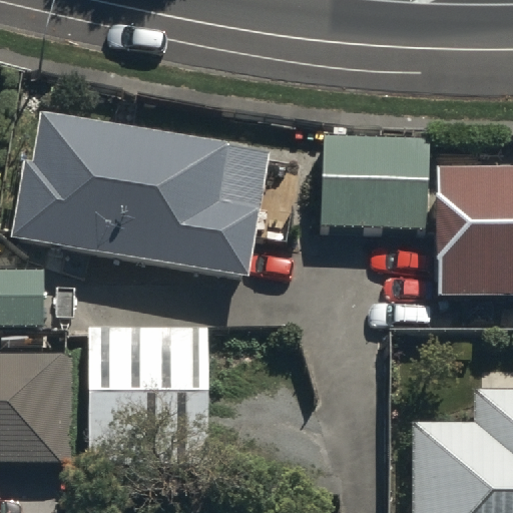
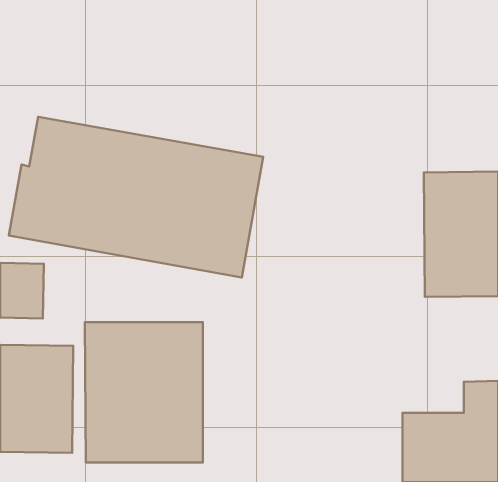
building: [323,141,428,230] -> none

